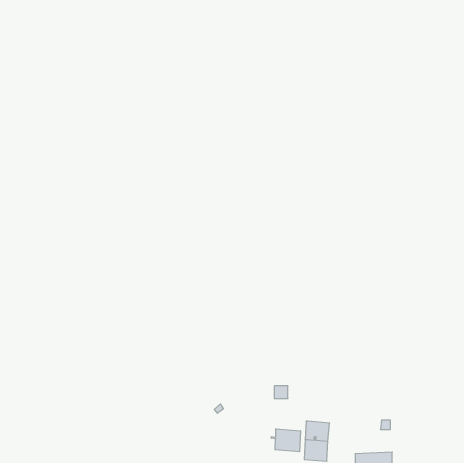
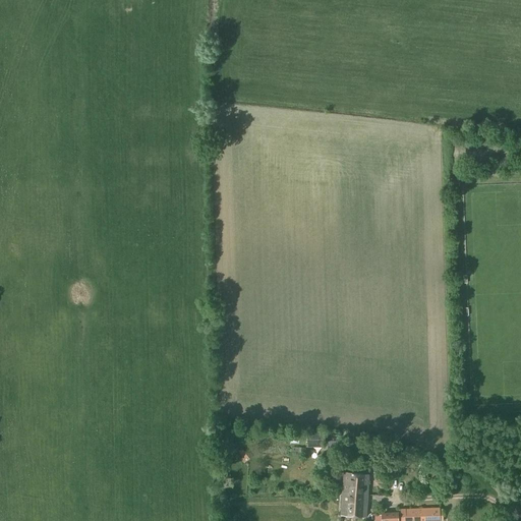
building: [271,429,300,452] -> none

